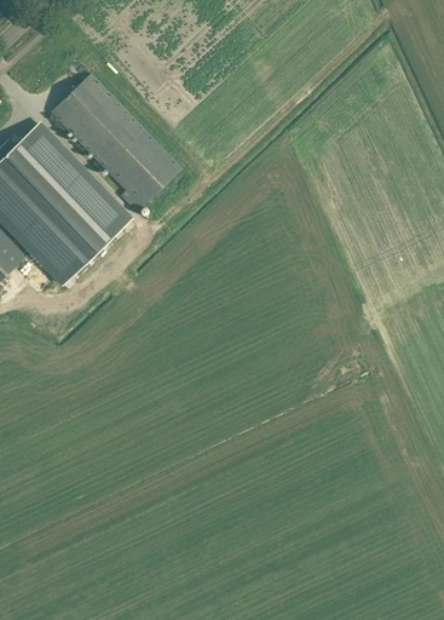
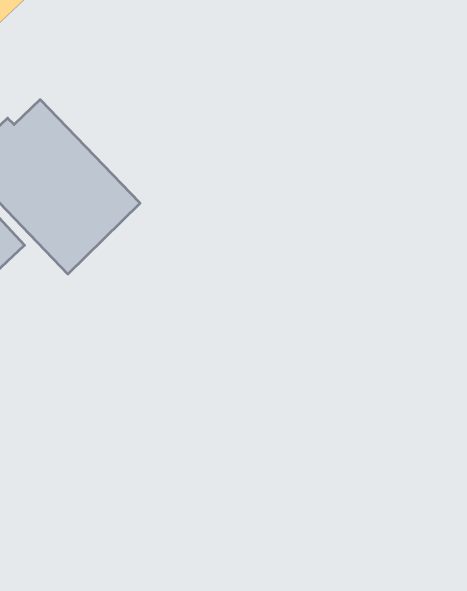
building: [51,74,183,212] -> none

